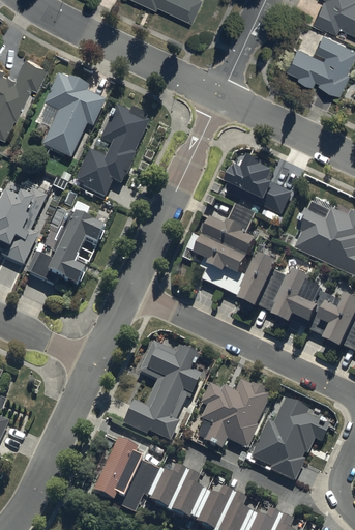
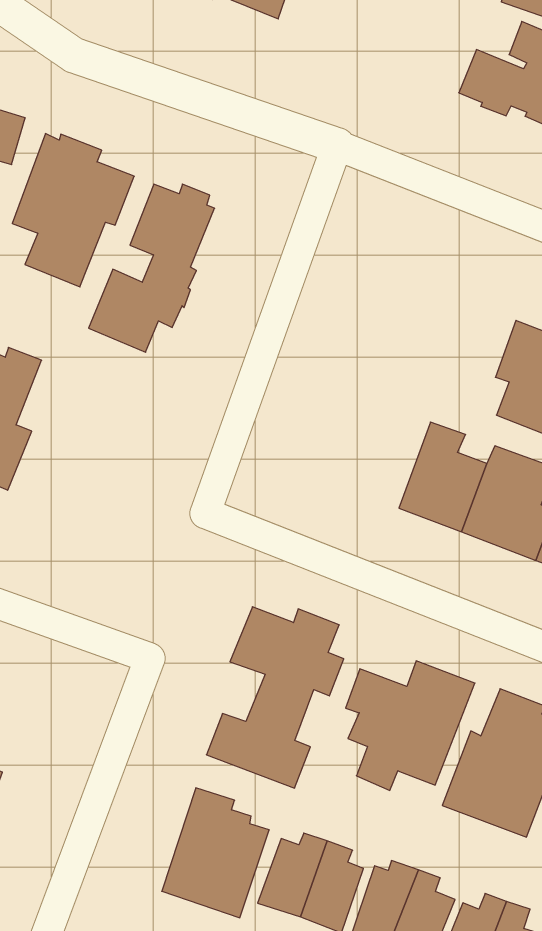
building: [224,149,291,212] -> none
building: [25,203,113,287] -> none
building: [193,203,258,293] -> none

